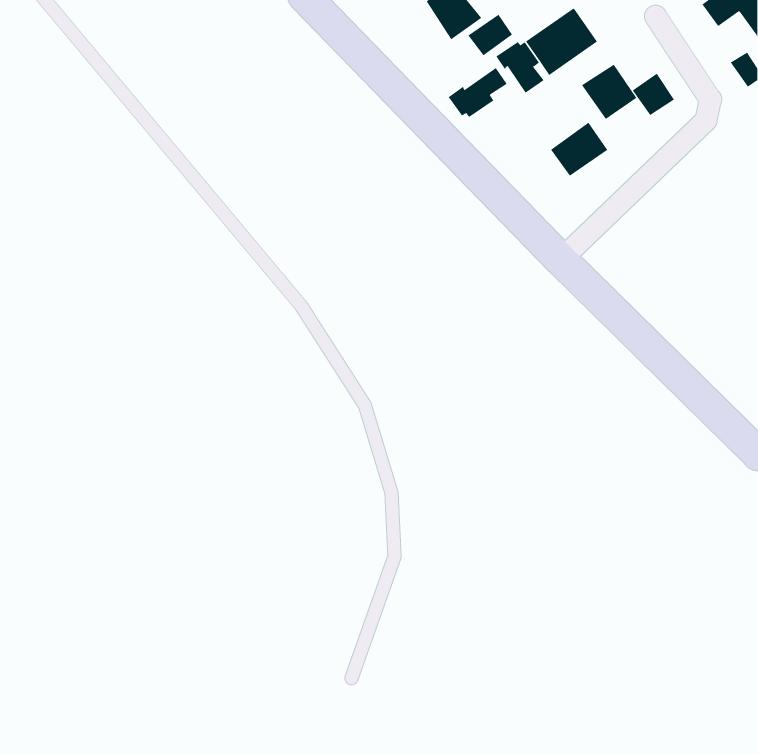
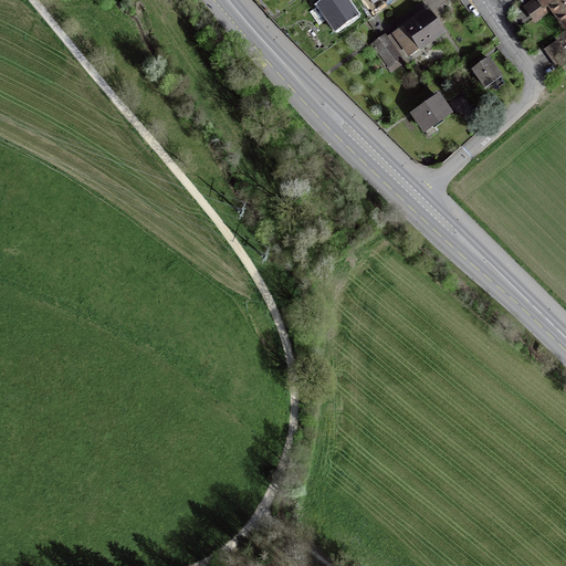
building: [468,14,513,56] -> none
building: [581,64,637,120] -> none
building: [448,67,508,118] -> none

